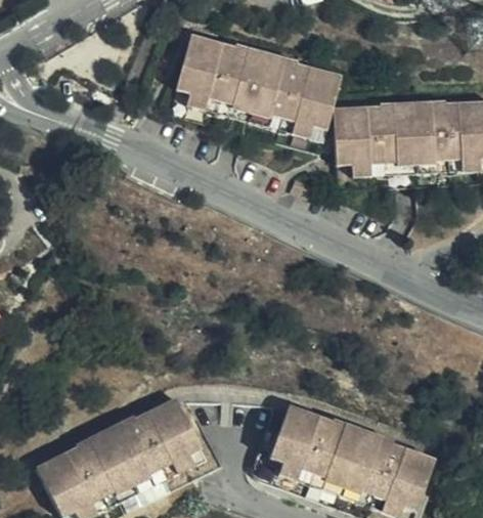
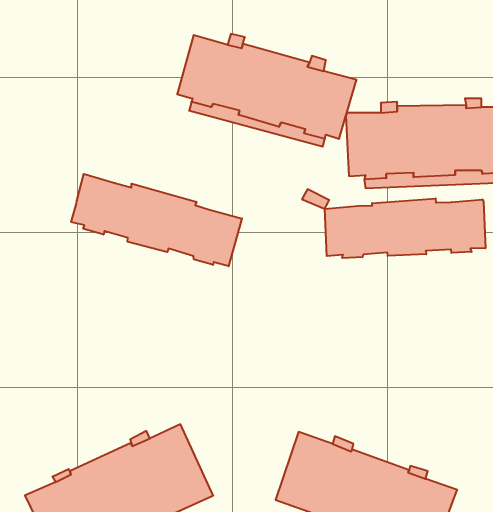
building: none -> [71,174,242,266]
building: none -> [325,198,485,258]

